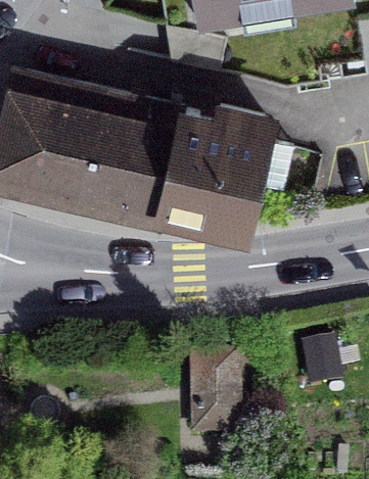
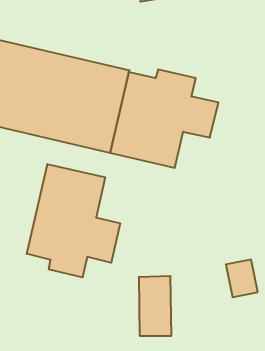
building: none -> [27,164,120,277]

